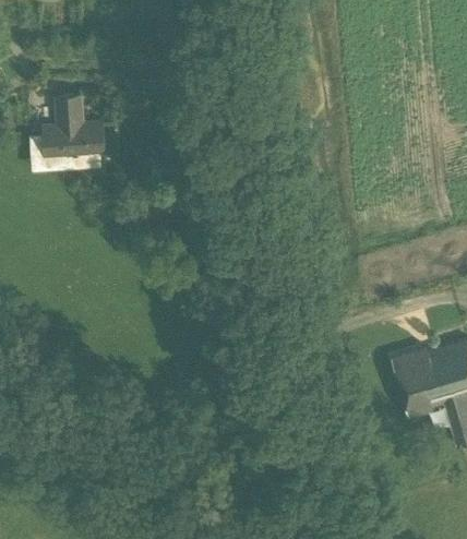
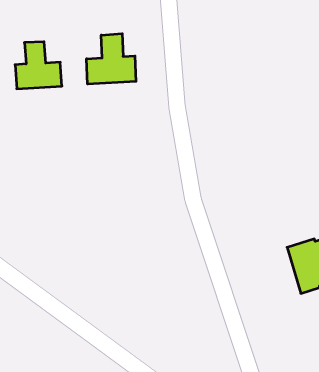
building: none -> [87,34,136,84]

